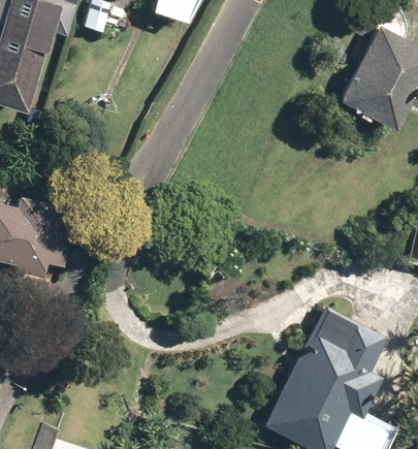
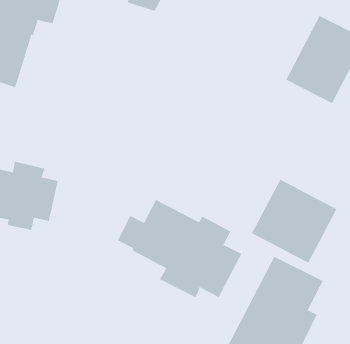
building: none -> [251,179,337,263]
building: none -> [117,199,242,298]

